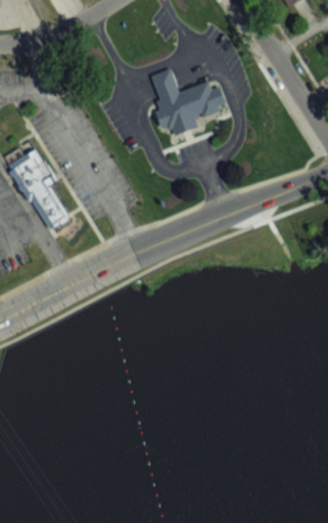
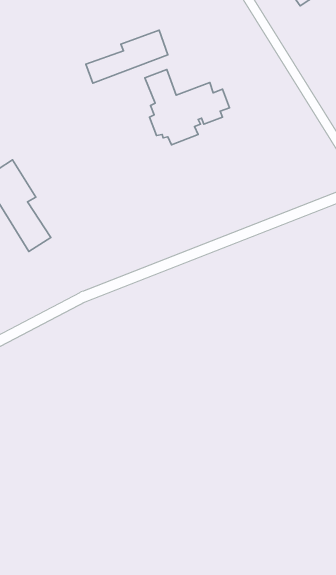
building: none -> [86,30,168,83]

